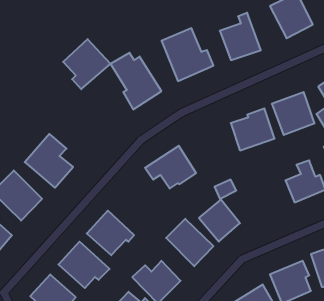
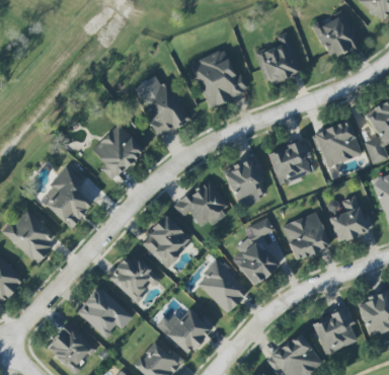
building: [63,39,110,89] -> [91,124,144,179]
building: none -> [225,156,268,202]
building: none -> [282,212,330,260]
building: none -> [140,215,191,268]

